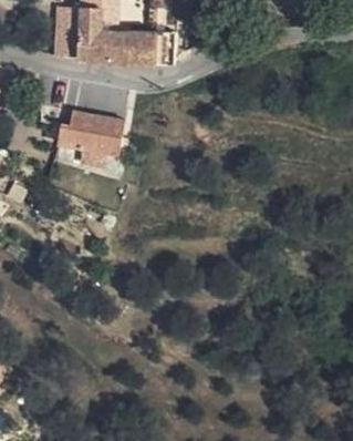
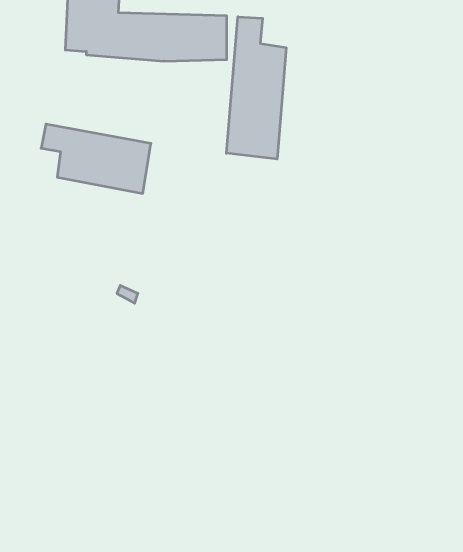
building: none -> [226,17,286,159]

